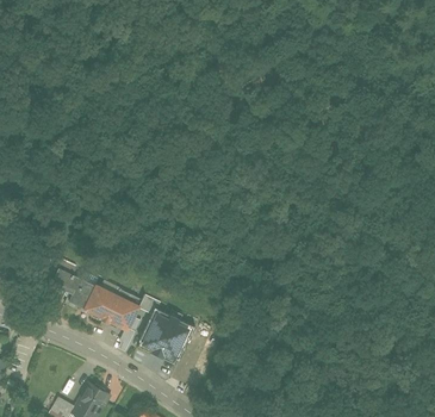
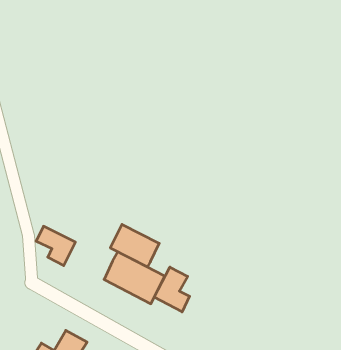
building: [82,284,137,331] -> [110,224,159,267]
building: none -> [154,267,190,312]

